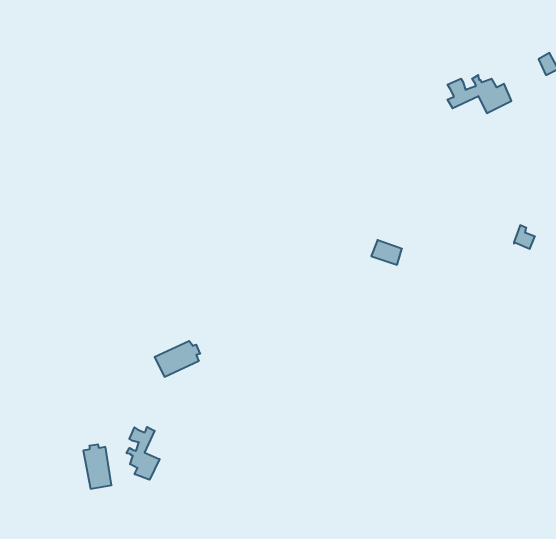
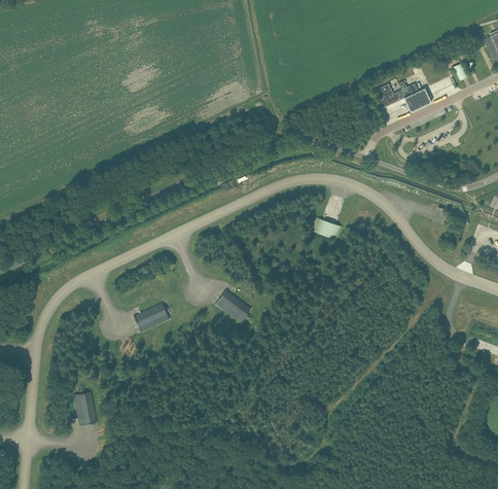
building: none -> [215,289,251,323]
building: [127,427,160,480] -> none

